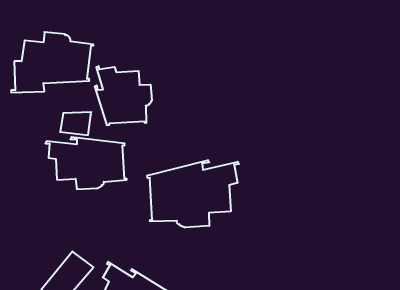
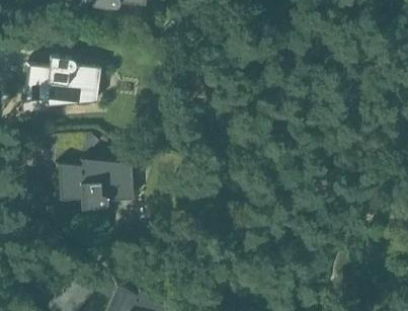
building: [95,66,152,125] -> none
building: [147,160,239,228] -> none

